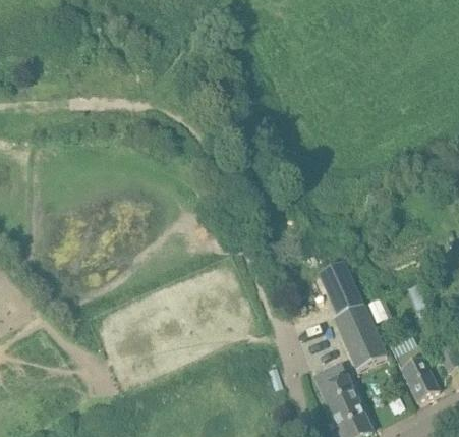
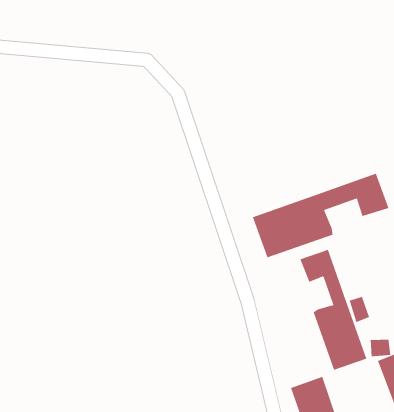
building: none -> [252,173,389,258]

